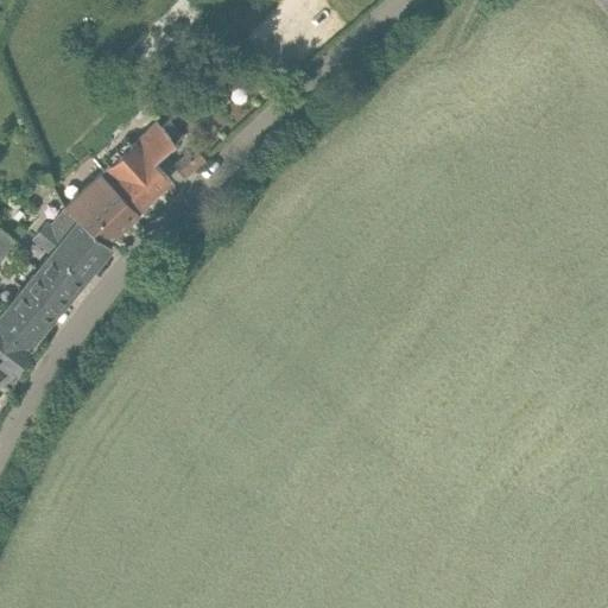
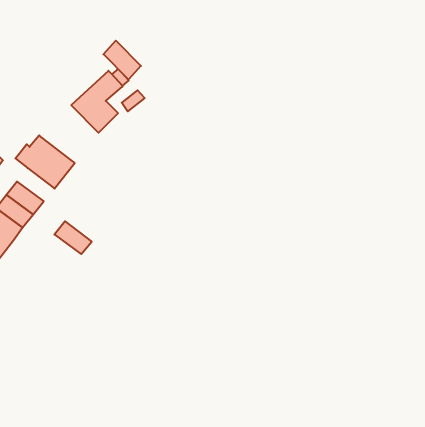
building: none -> [103,41,141,79]
building: [63,173,142,247] -> none
building: [33,258,83,302] -> [54,221,92,254]

